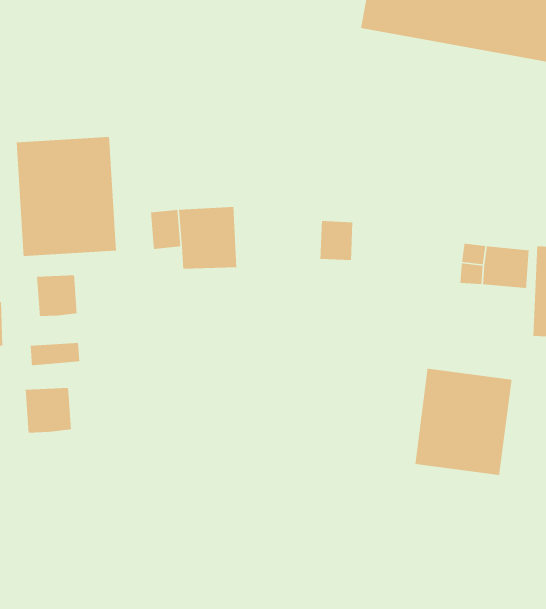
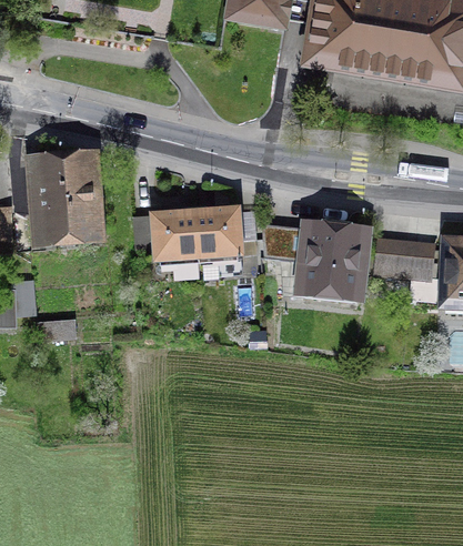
building: none -> [199,205,244,256]
building: [36,274,78,317] -> none
building: [414,368,512,476] -> [290,214,368,300]
building: [25,387,72,433] -> none

